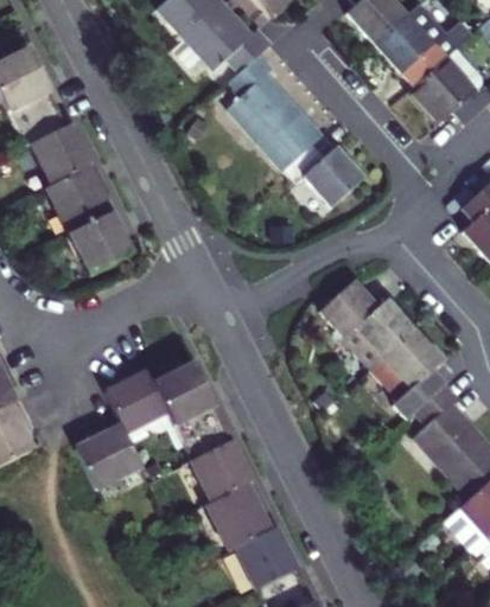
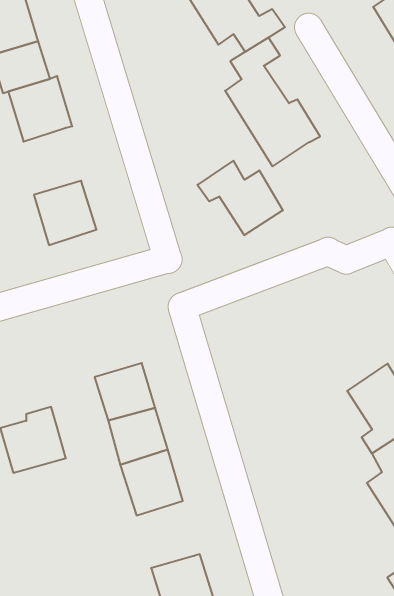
building: [280,141,361,206] -> [197,161,283,235]
building: [47,166,110,231] -> none
building: [319,279,414,368] -> none
building: [104,370,168,435] -> none
building: [205,483,271,551] -> none

